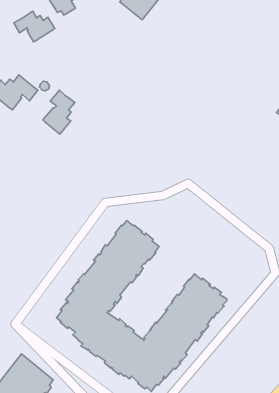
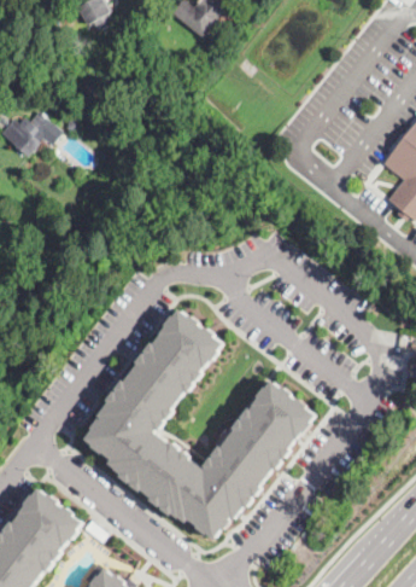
building: [14,11,55,42] -> none
building: [43,90,75,134] -> none

